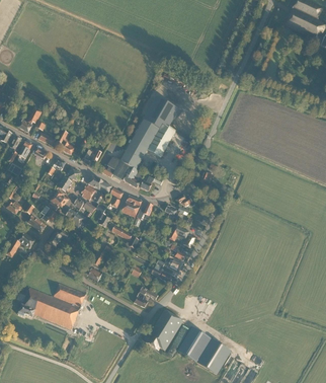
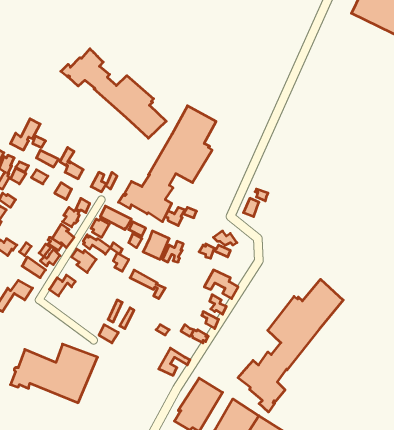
building: none -> [61,49,166,138]
building: none -> [238,279,343,412]

